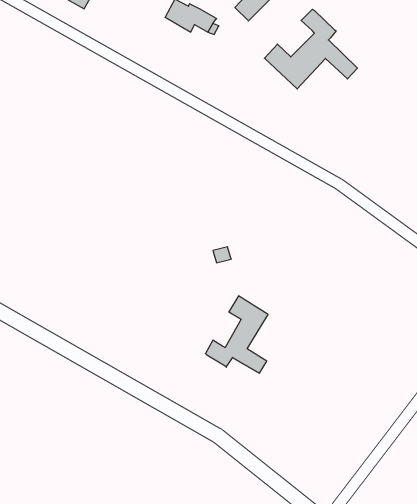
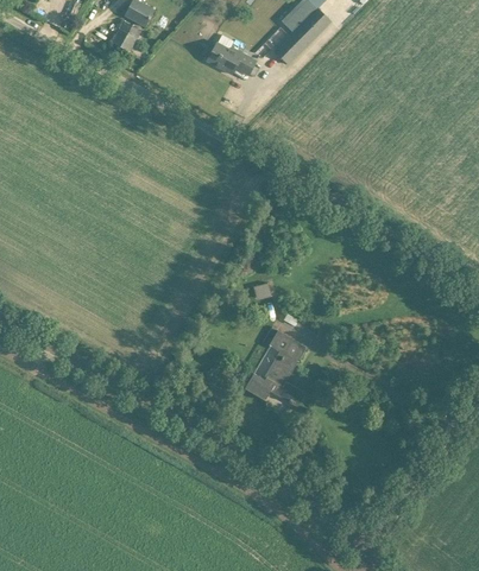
building: [264,9,357,89] -> none

